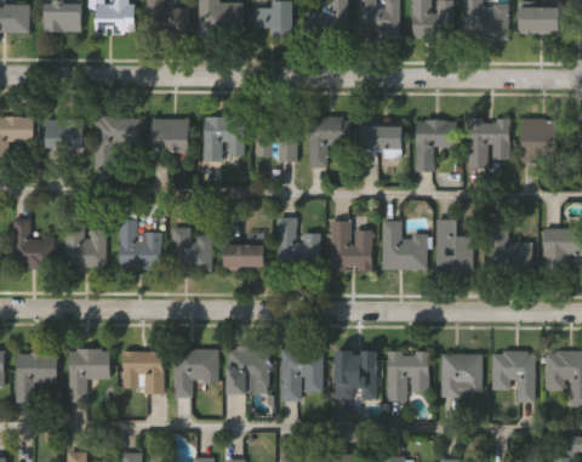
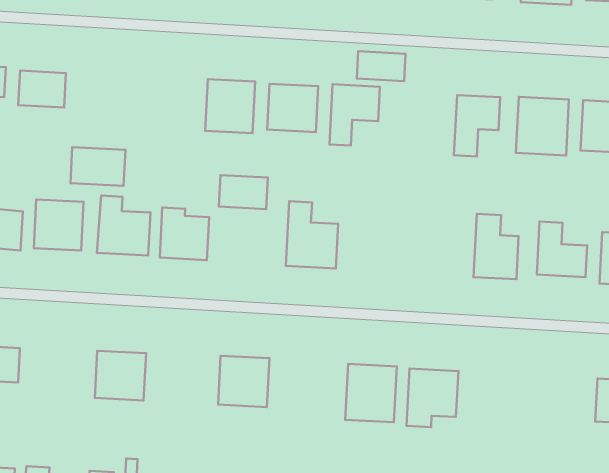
building: [96,115,141,146] -> [70,147,125,186]
building: [153,118,188,150] -> none
building: [360,125,400,148] -> [357,51,405,81]
building: [382,219,427,269] -> none
building: [331,221,372,270] -> none
building: [223,243,263,269] -> [219,175,268,209]
building: [69,349,110,400] -> none
building: [173,349,217,395] -> none
building: [281,349,323,399] -> none
building: [440,352,481,394] -> none
building: [492,352,534,401] -> none

